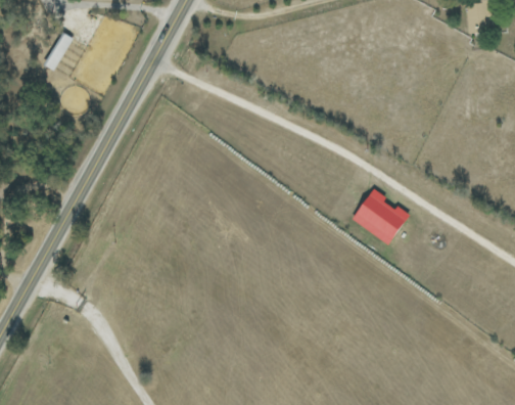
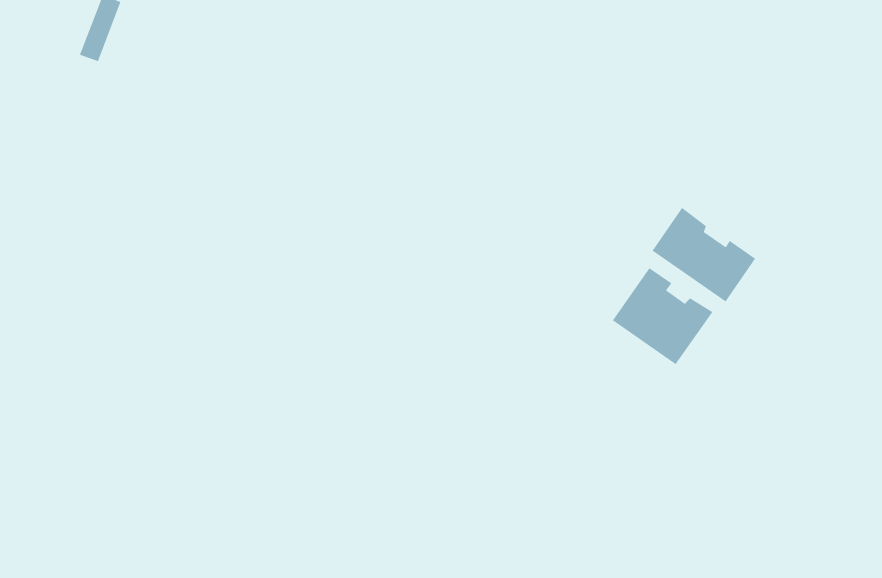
building: none -> [651,207,756,303]

